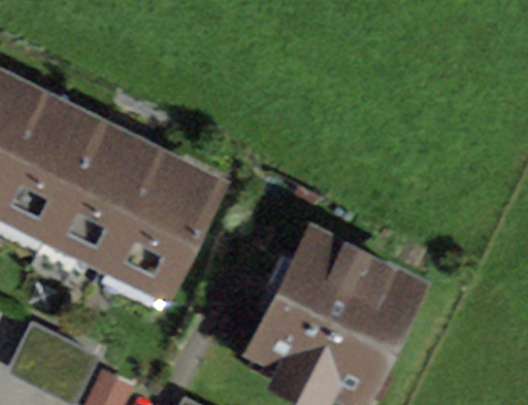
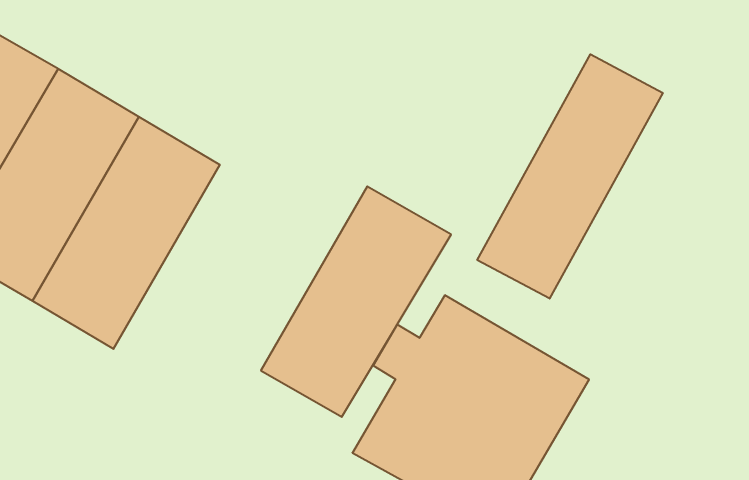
building: none -> [477,54,663,299]
building: [92,147,214,304] -> [261,186,451,417]

